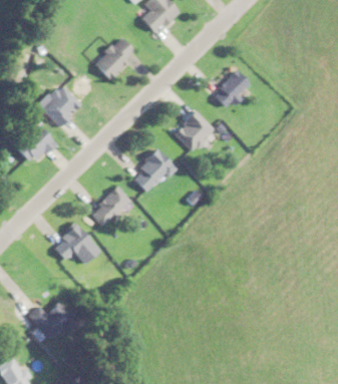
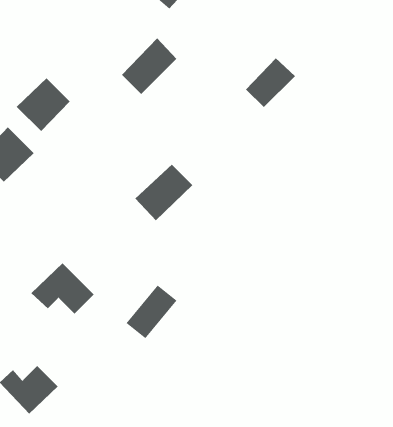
building: [94,36,136,79] -> [121,37,177,95]
building: [175,109,215,150] -> none
building: [91,185,130,227] -> [125,285,177,339]

